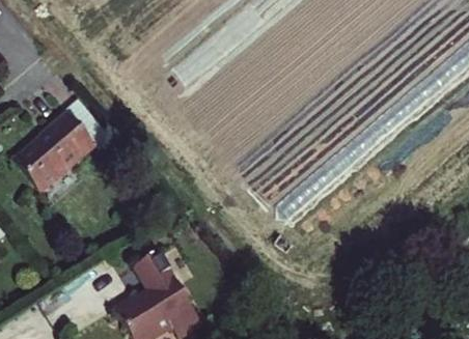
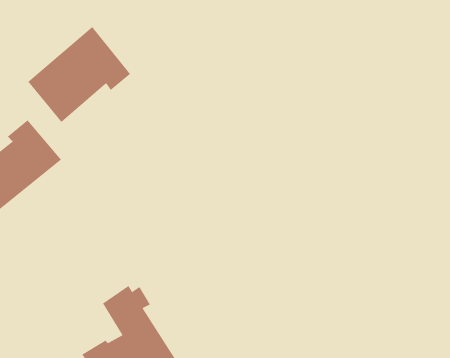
building: none -> [27,26,131,123]

